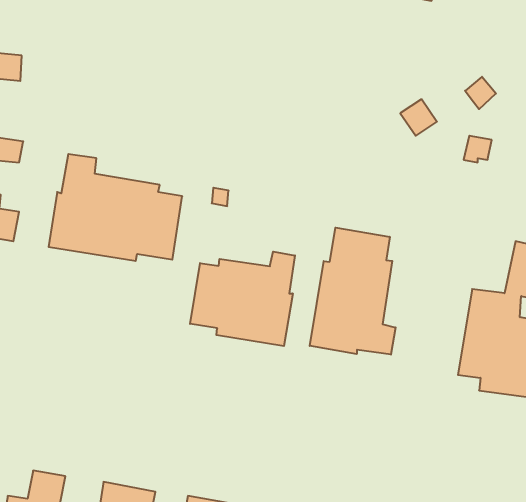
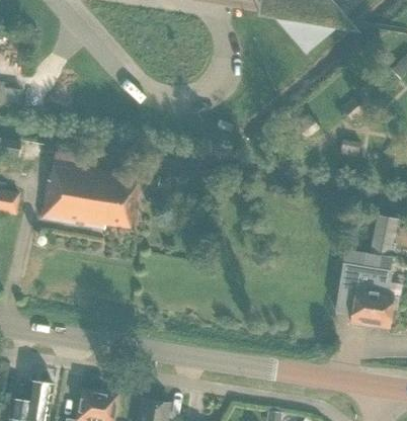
building: [310,228,396,355] -> none
building: [190,252,295,346] -> none

